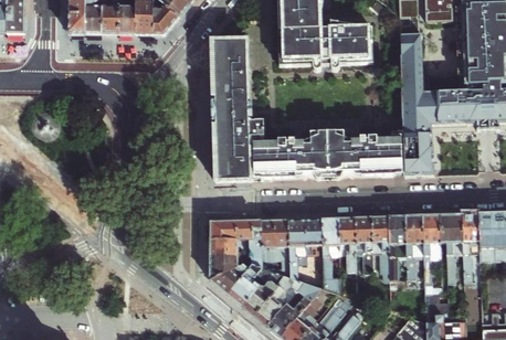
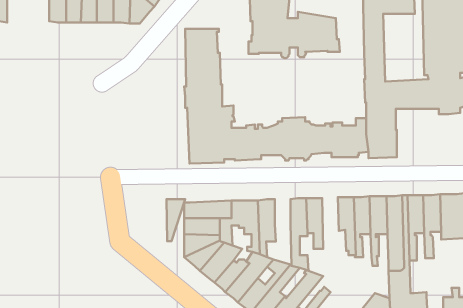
building: [355,215,372,272] -> none
building: none -> [166,199,185,241]
building: [305,217,321,244] -> none

